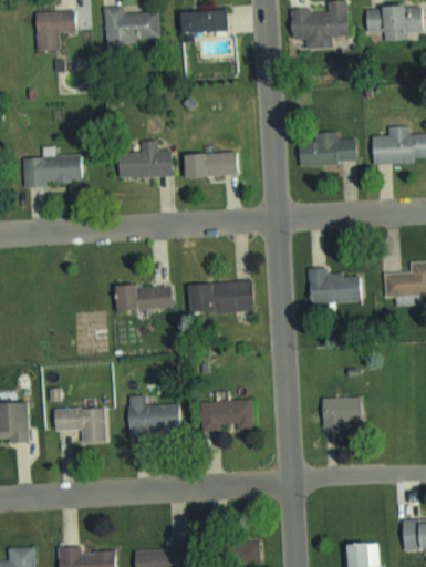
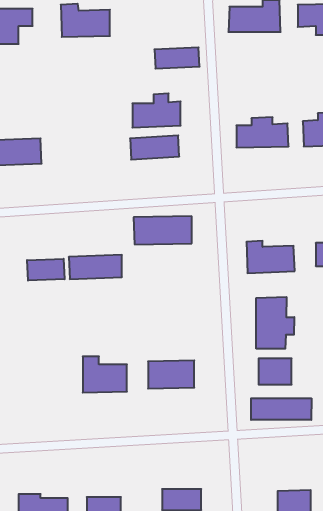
building: [177,10,227,33] -> [154,47,200,69]
building: [117,141,170,178] -> [132,93,181,128]
building: [188,281,252,312] -> [134,216,192,244]
building: none -> [27,259,65,281]
building: none -> [256,297,294,349]
building: [54,408,106,444] -> none
building: none -> [251,398,311,420]

